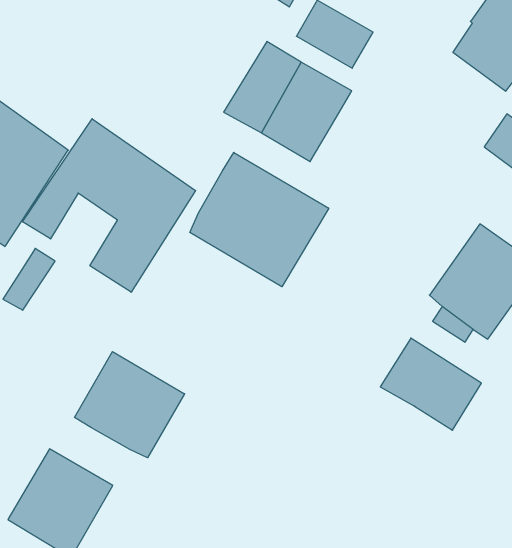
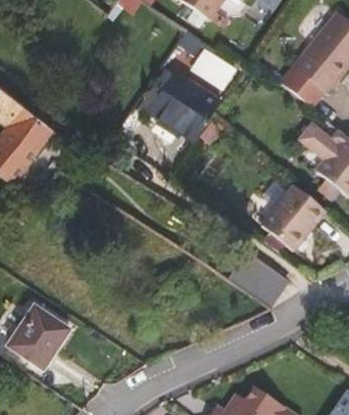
building: [23,119,196,292] -> none
building: [190,152,329,287] -> none
building: [75,352,185,458] -> none

